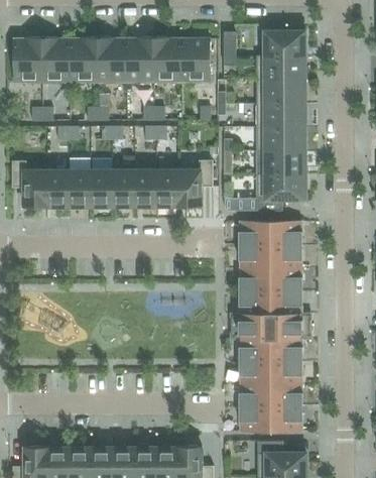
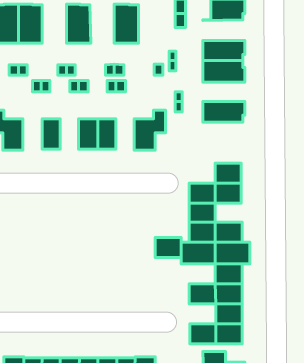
building: [70,37,98,83] -> none
building: [125,37,153,83] -> none
building: [181,38,210,83] -> none
building: [256,55,304,80] -> none
building: [256,128,304,150] -> none
building: [47,170,70,206] -> none
building: [91,170,112,206] -> none
building: [155,170,176,206] -> none
building: [256,174,304,211] -> none
building: [240,222,270,245] -> none
building: [270,268,301,290] -> none
building: [240,339,270,362] -> [155,238,181,258]
building: [240,385,271,408] -> none

